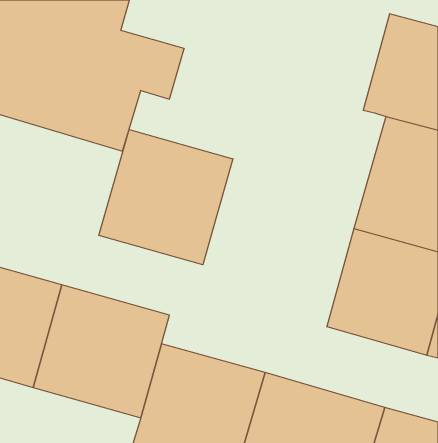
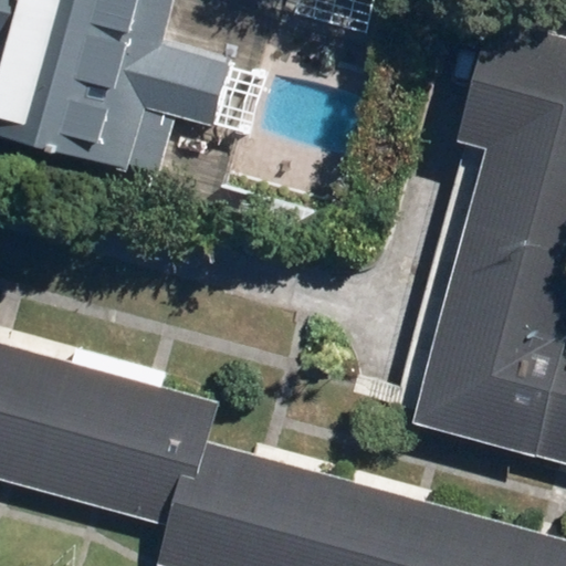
building: [99,129,233,265] -> none

